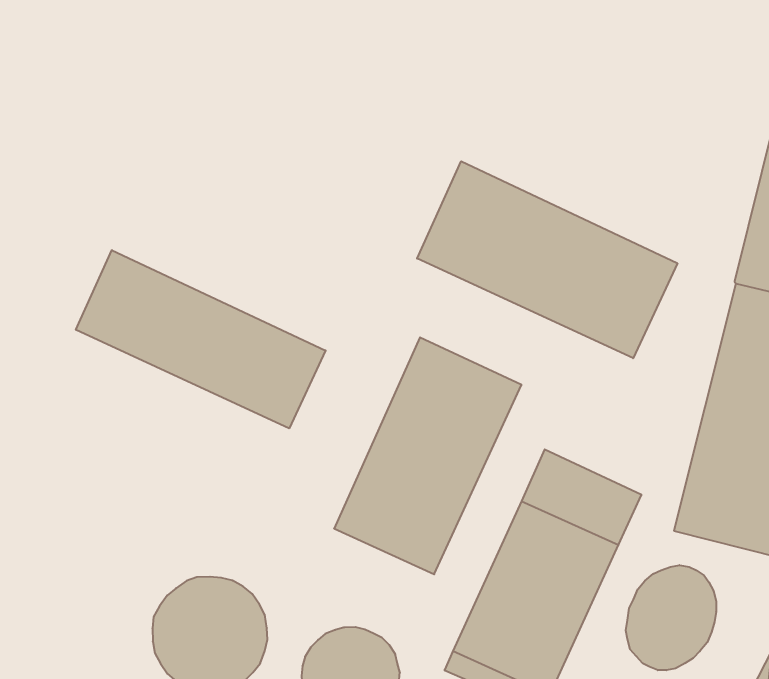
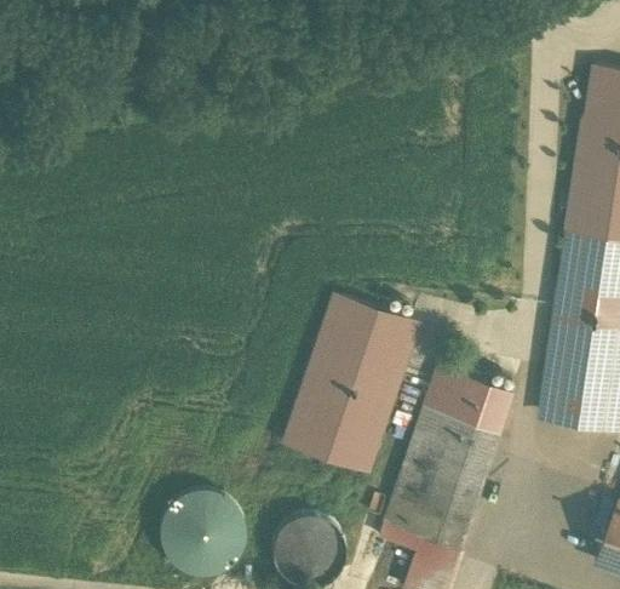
building: [417,161,677,358] -> none
building: [76,250,326,428] -> none
building: [626,565,716,670] -> none

